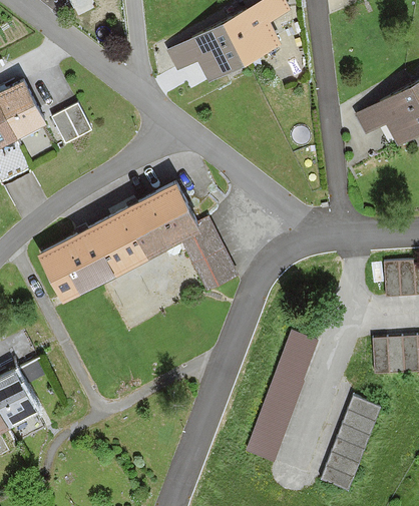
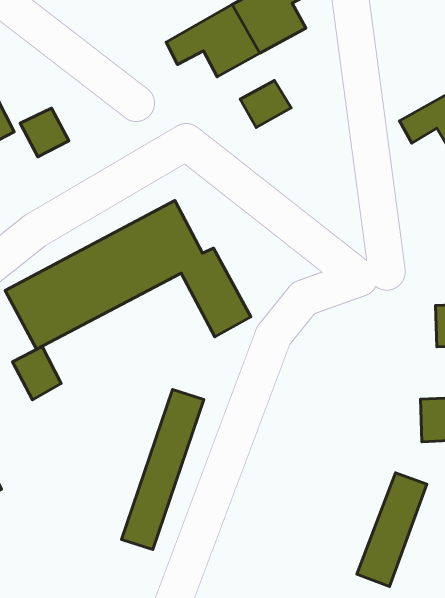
building: none -> [240,81,291,128]
building: none -> [12,346,61,400]
building: [250,334,316,462] -> [122,390,204,549]

